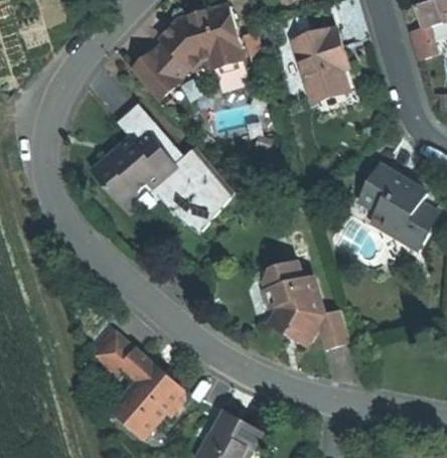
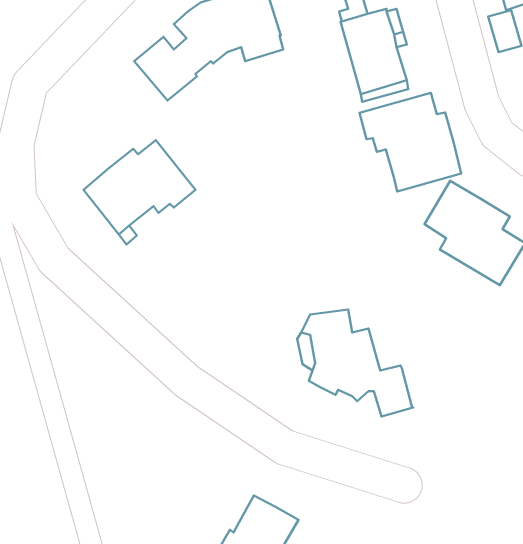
building: none -> [360,93,461,191]
building: [116,105,234,228] -> none
building: [93,326,182,436] -> none

